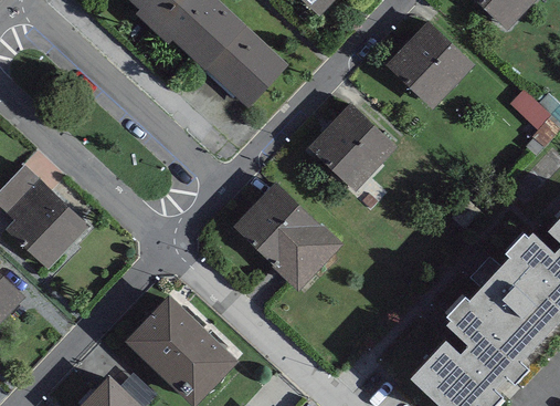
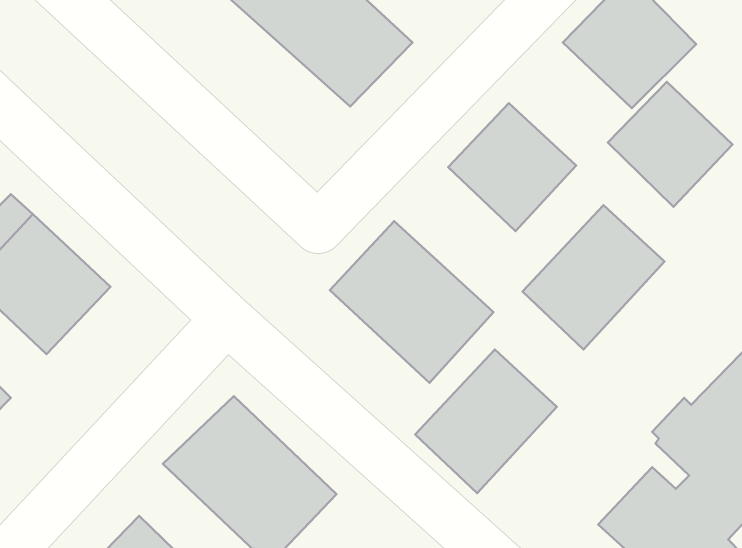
building: none -> [608,82,732,207]
building: none -> [522,205,665,350]
building: none -> [415,349,557,493]

